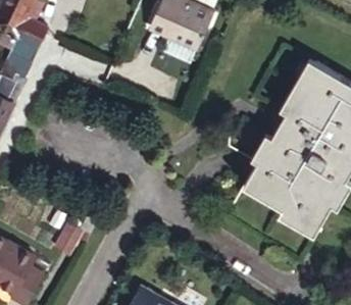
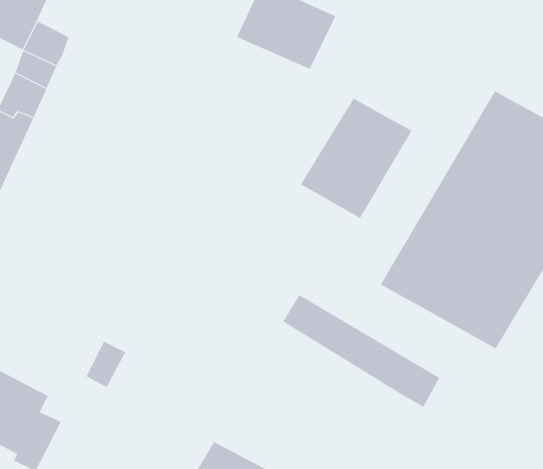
building: none -> [300,98,412,219]
building: none -> [282,294,440,407]

